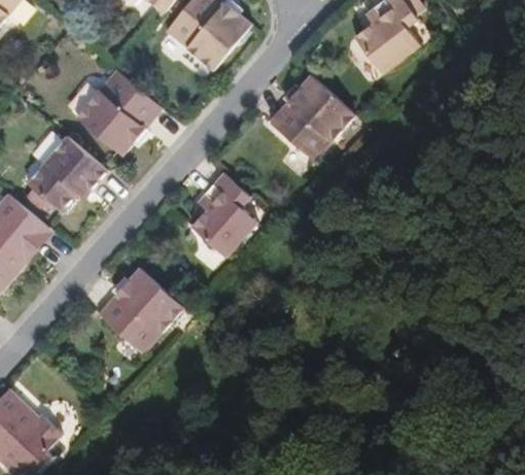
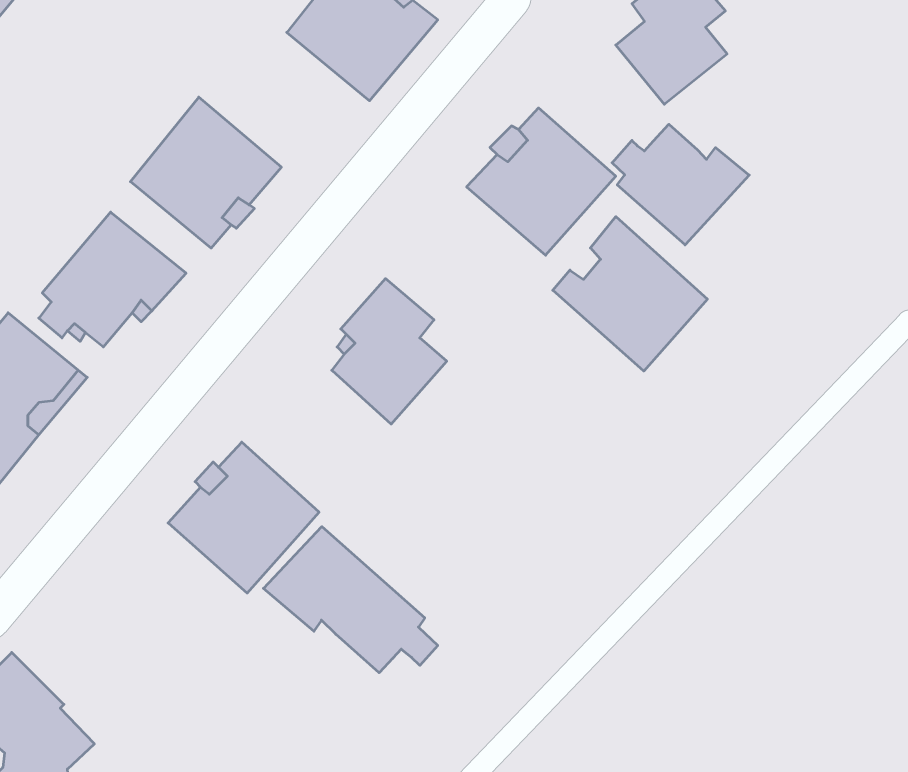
building: none -> [612,124,749,245]
building: none -> [553,217,707,371]
building: none -> [263,527,438,673]

